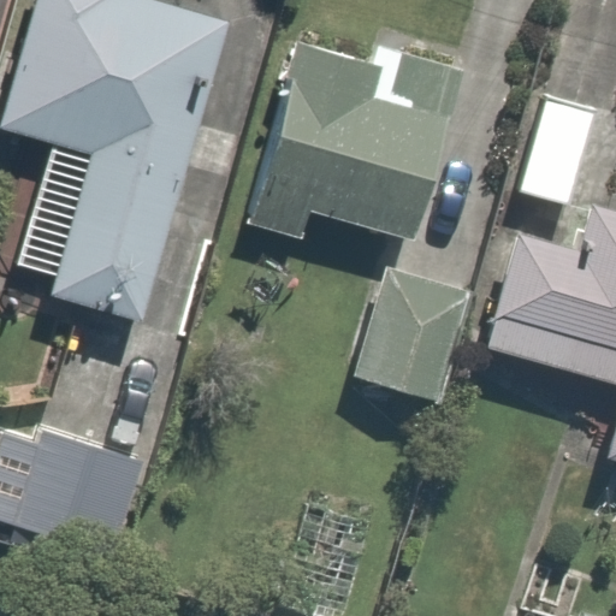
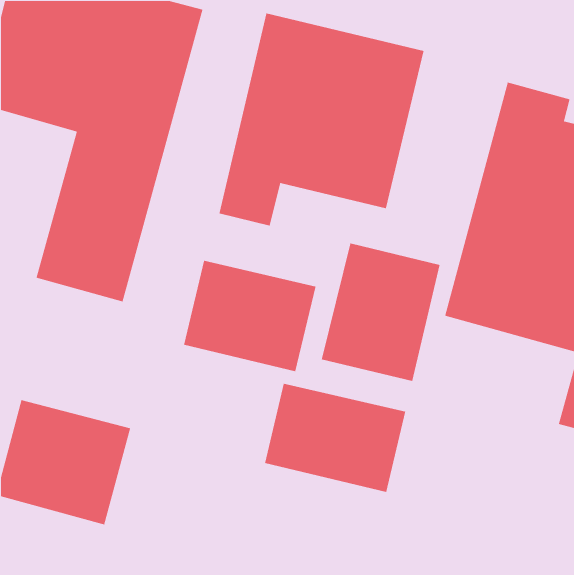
building: none -> [183,260,316,372]
building: none -> [264,383,406,493]

